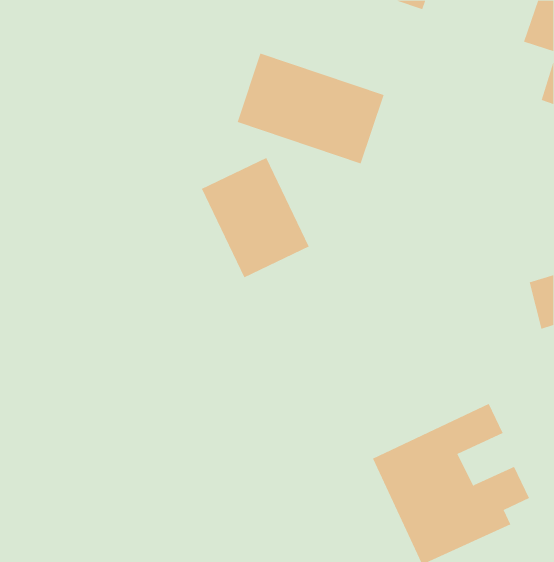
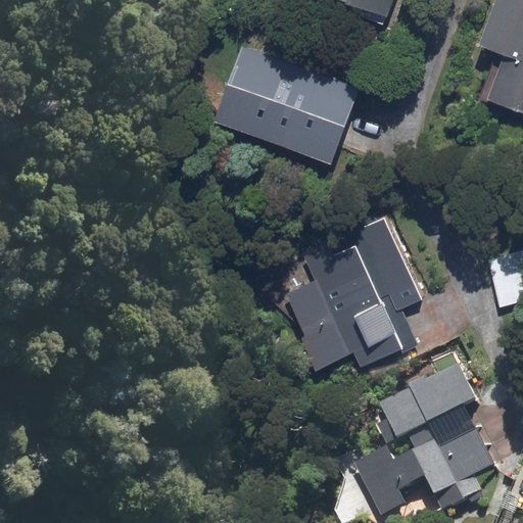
building: [201,157,309,278] -> none
building: none -> [293,228,419,365]

